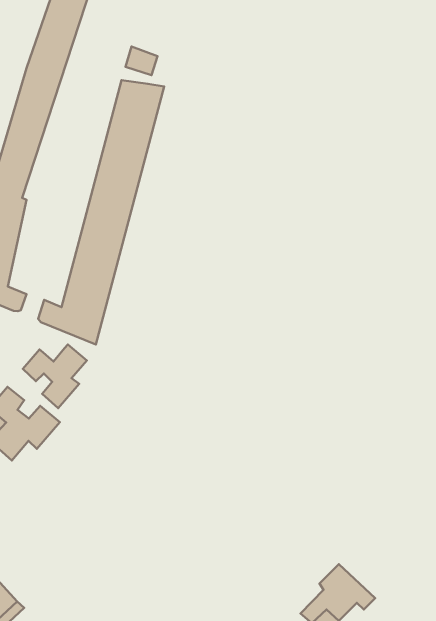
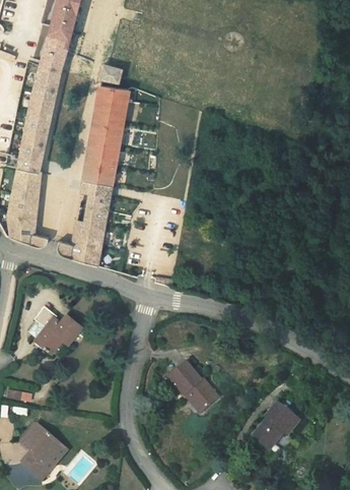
building: [23,345,87,408] -> none
building: none -> [168,362,217,411]

